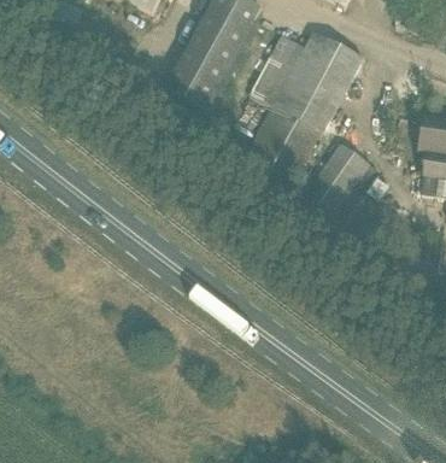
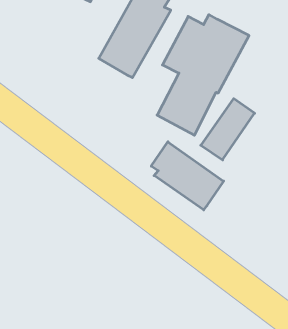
building: none -> [151,142,224,210]

